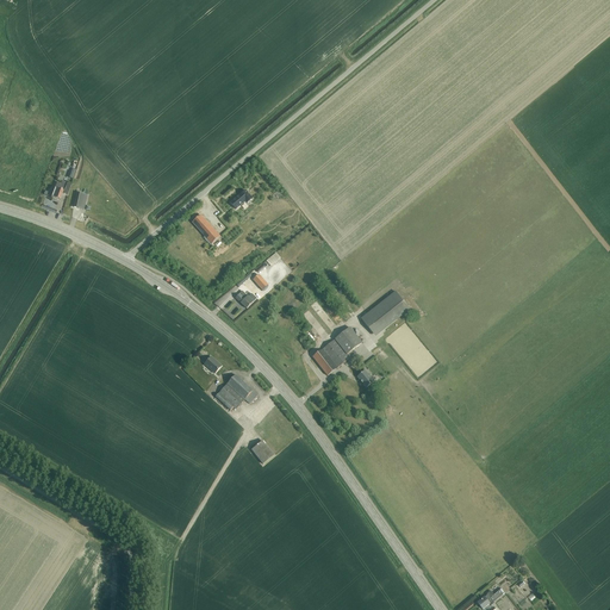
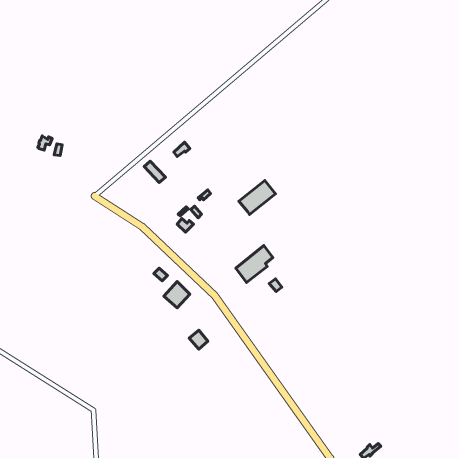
building: [360,290,409,335] -> [239,180,276,215]

